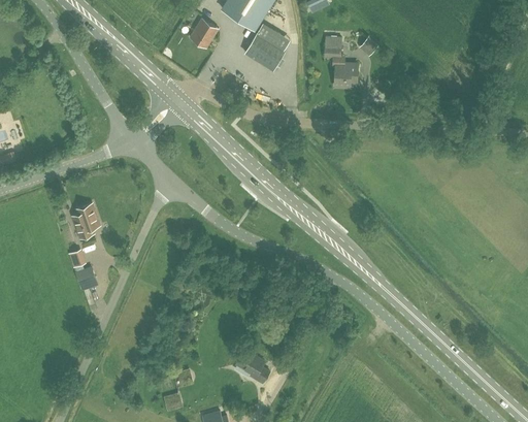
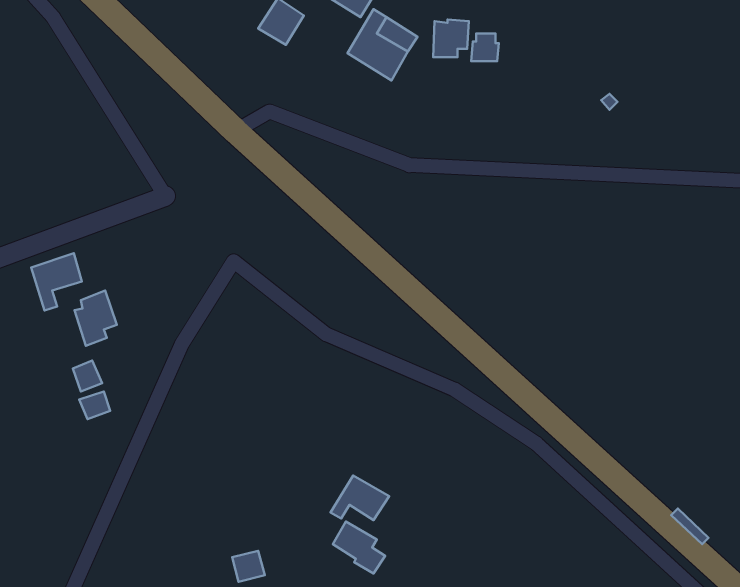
building: [334,63,357,87] -> [433,20,469,57]
building: none -> [31,253,82,311]
building: none -> [330,475,389,520]

